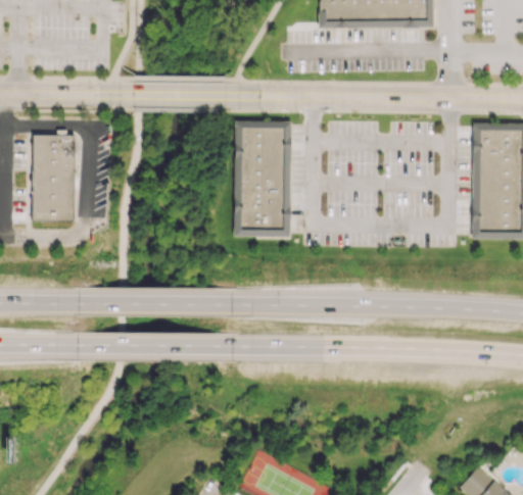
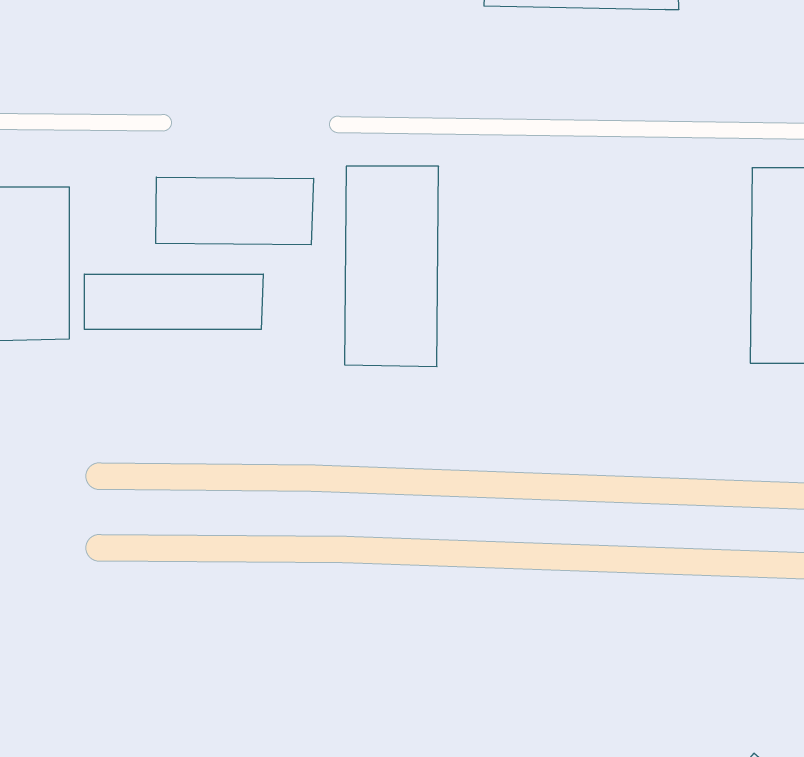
building: none -> [156,177,314,245]
building: none -> [84,274,263,329]

